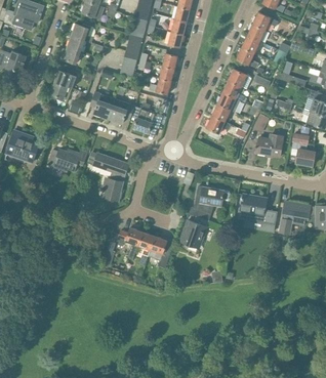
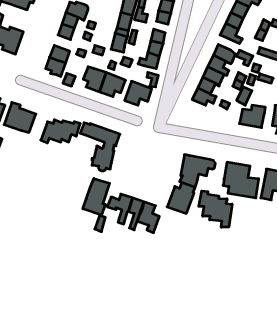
building: none -> [83,178,110,215]
building: none -> [199,191,232,227]

